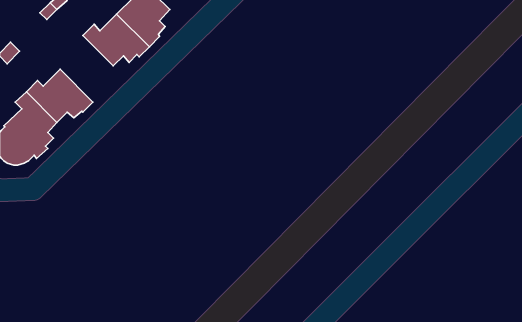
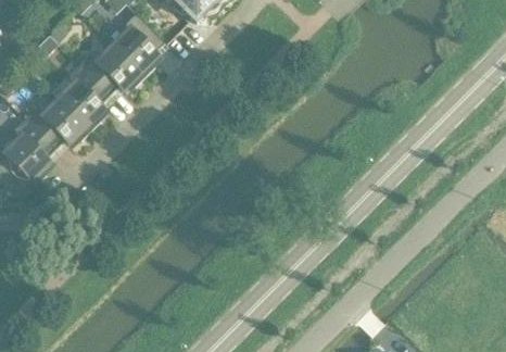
building: none -> [60,64,111,128]

